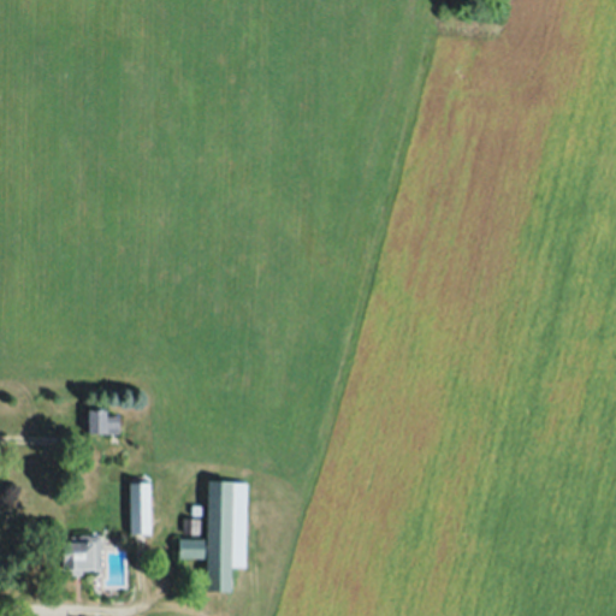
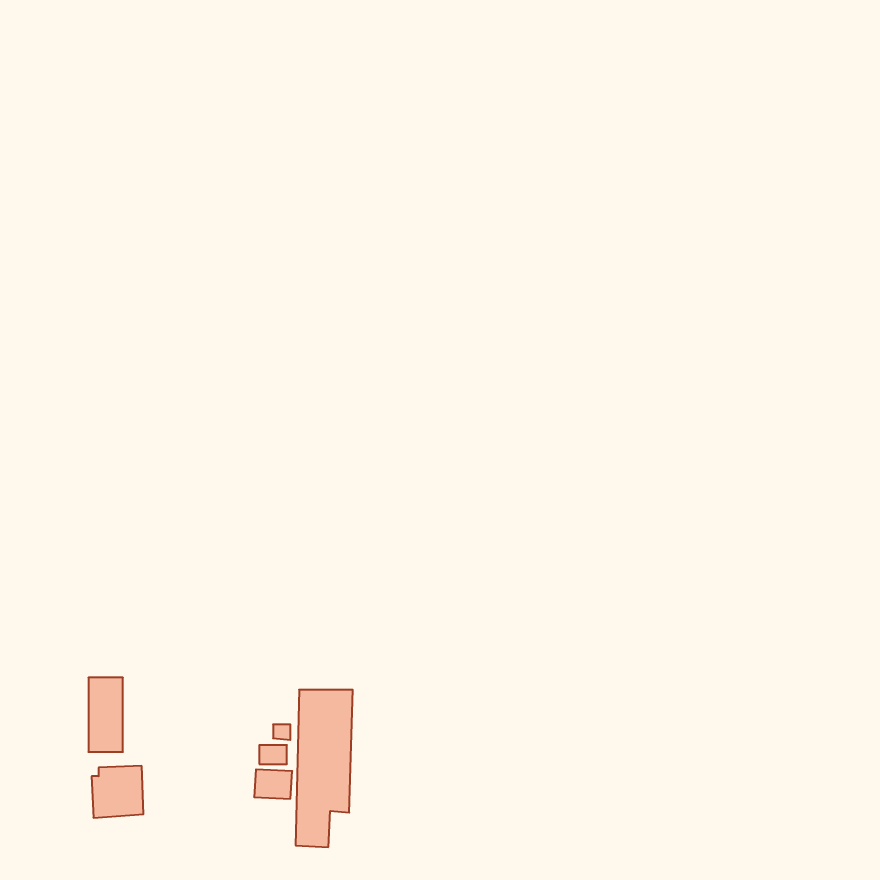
building: [88,409,122,434] -> none
building: [130,484,154,535] -> [88,678,123,752]

